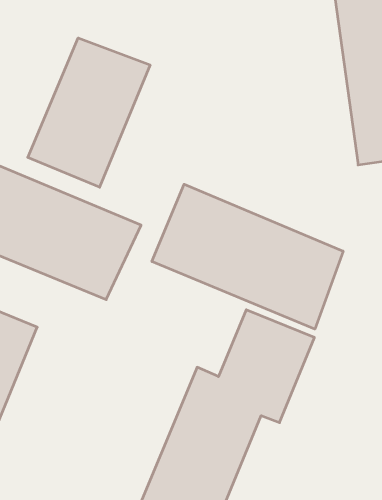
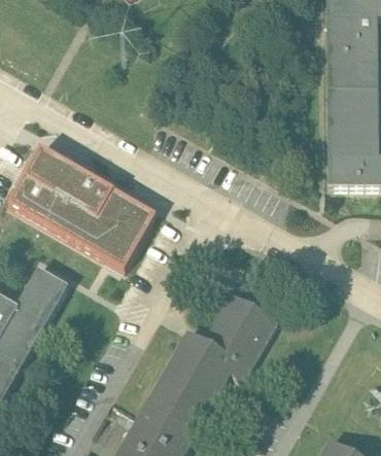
building: [28,38,150,187] -> none
building: [152,184,343,329] -> none

